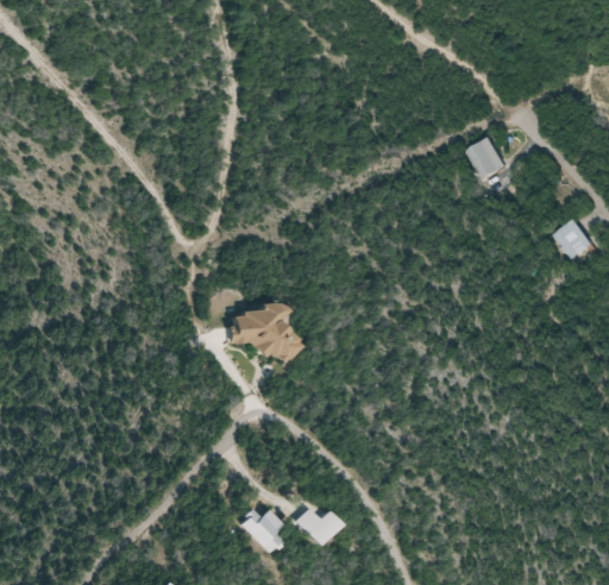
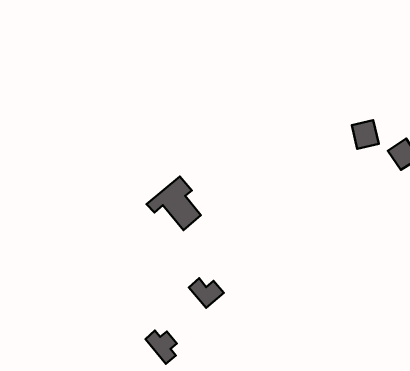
building: [470,139,509,181] -> [352,120,379,149]
building: [294,508,343,548] -> [189,278,224,308]

